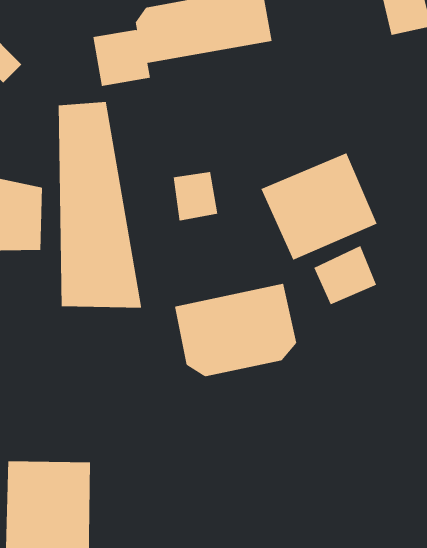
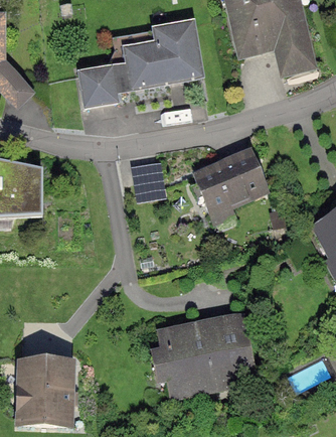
building: [58,101,142,309] -> none
building: [313,245,377,305] -> none
building: [174,283,297,377] -> [163,324,247,389]

